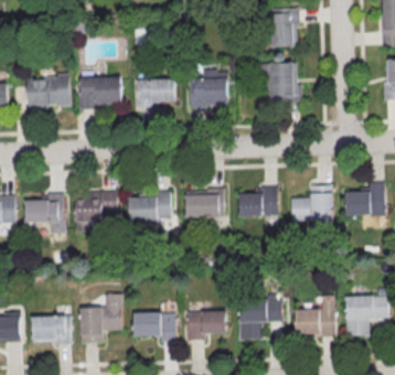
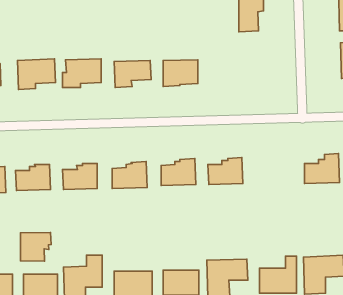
building: [267,63,302,98] -> none
building: [290,185,332,222] -> none
building: none -> [20,232,51,261]

